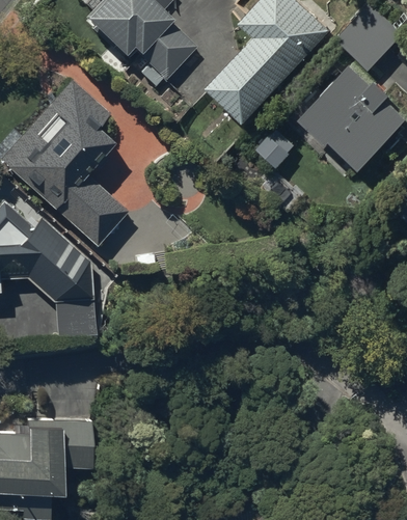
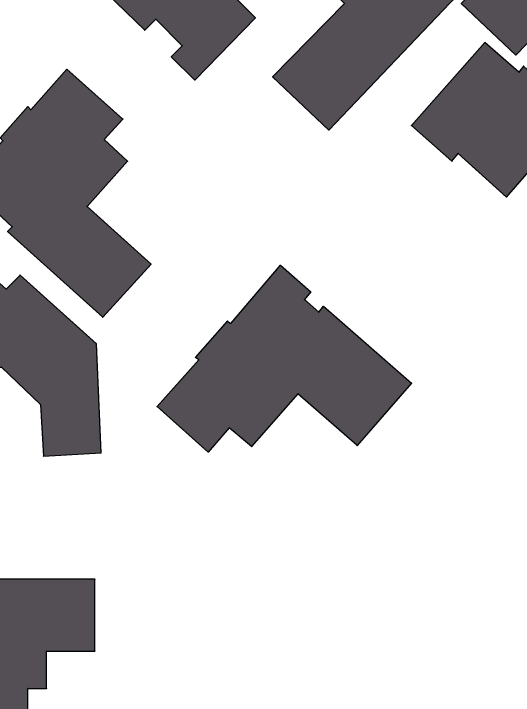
building: none -> [157,265,412,452]

